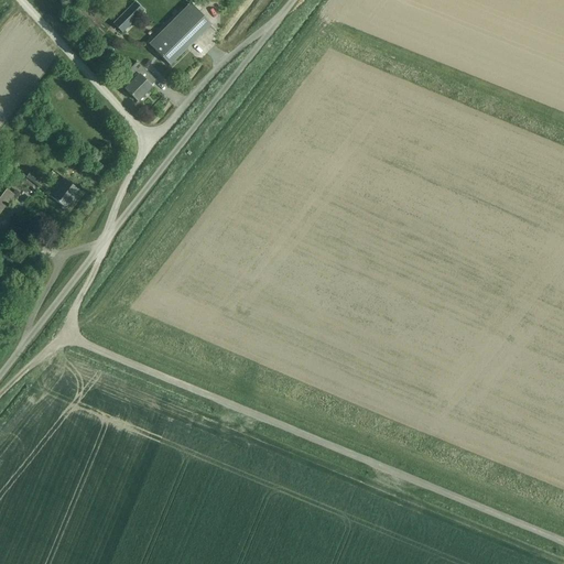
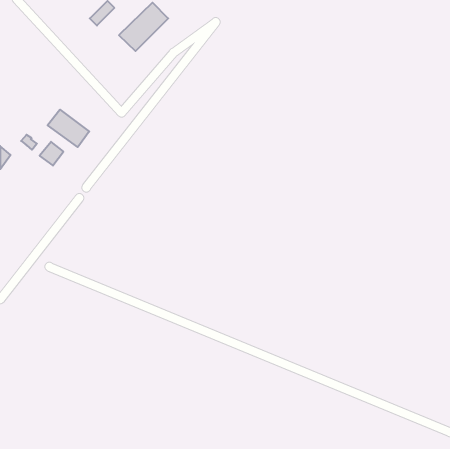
building: [124,62,155,101] -> none
building: none -> [48,110,89,147]

